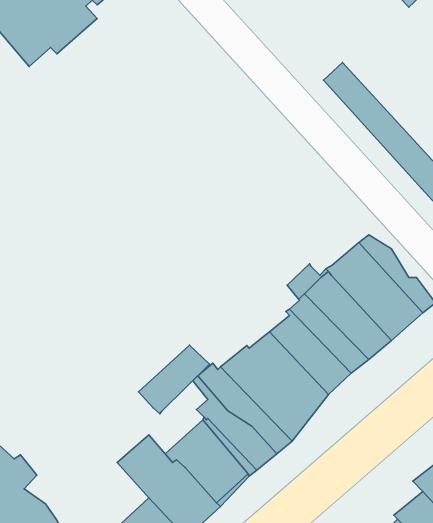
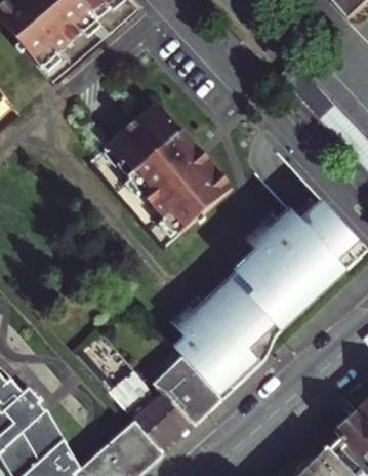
building: none -> [110,103,236,233]
building: [138,345,210,414] -> none

